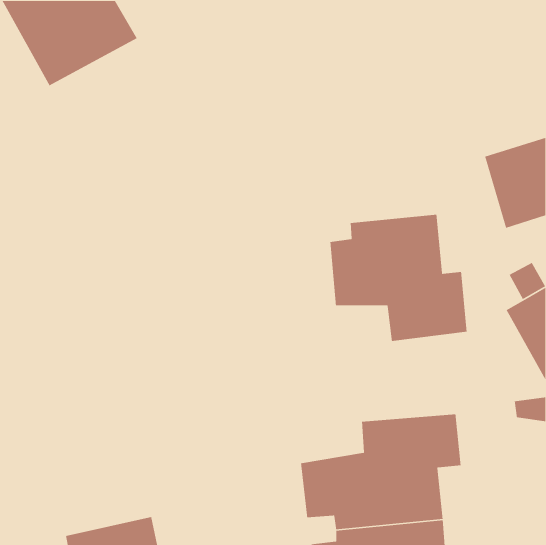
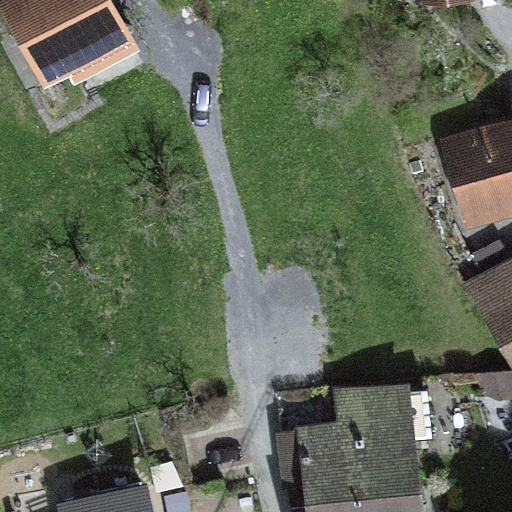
building: [329,214,468,342] -> none

